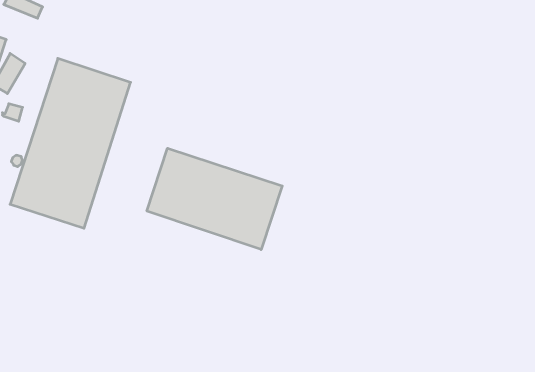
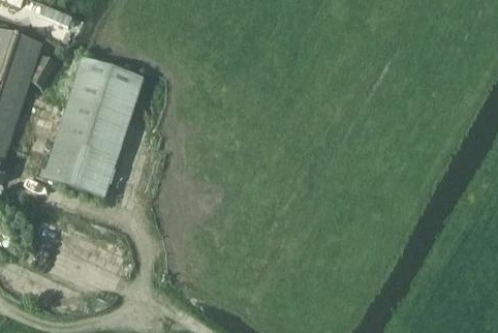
building: [147,148,282,250] -> none

